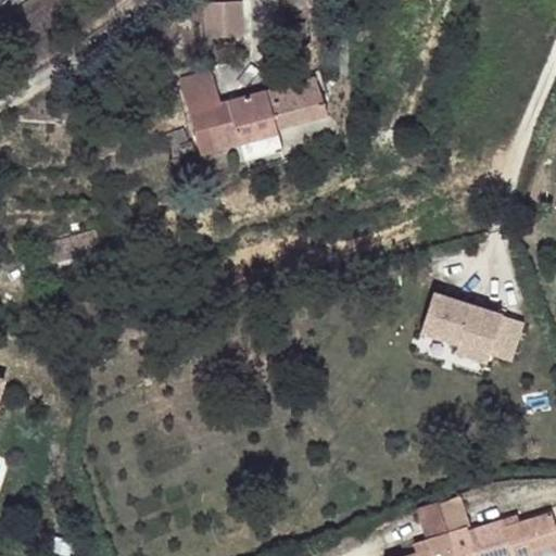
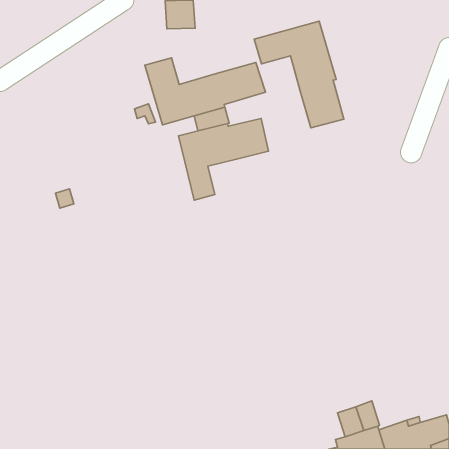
building: none -> [254,21,344,128]
building: none -> [178,119,268,200]
building: [420,294,521,363] -> none

